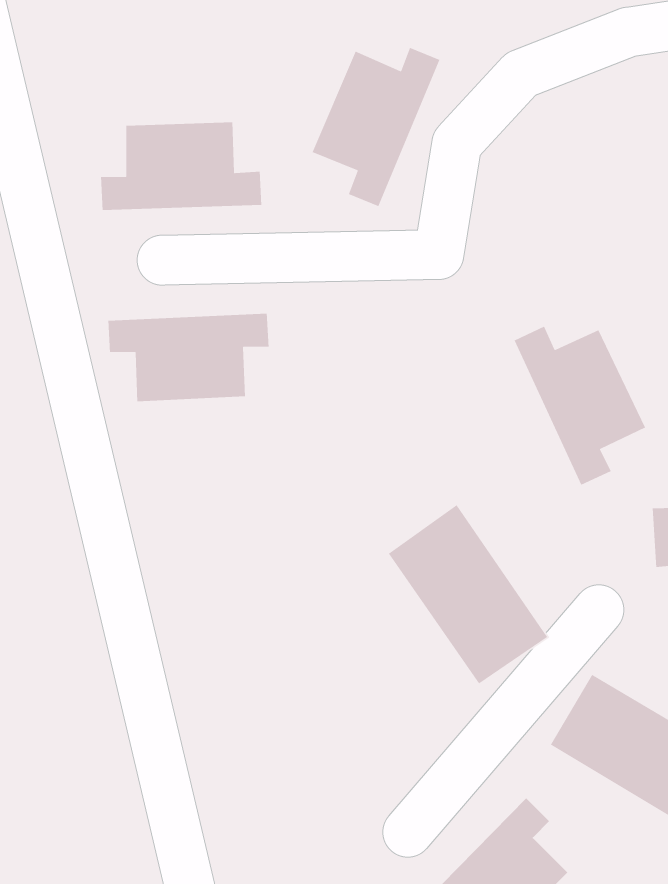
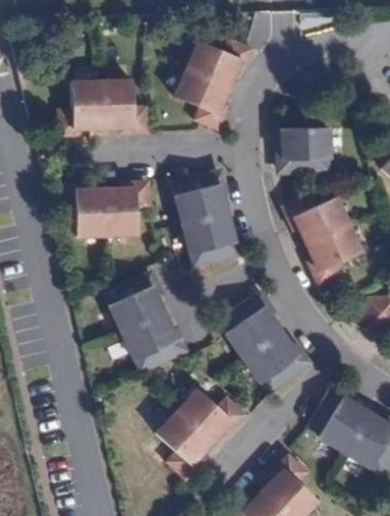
building: none -> [282,127,331,174]
building: none -> [172,170,239,268]
building: none -> [104,273,183,374]
building: none -> [157,389,242,475]

